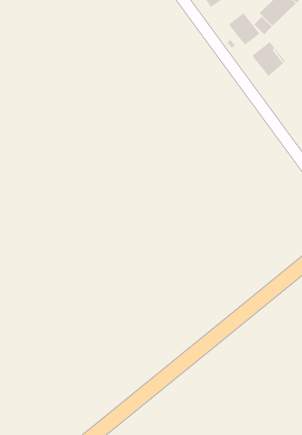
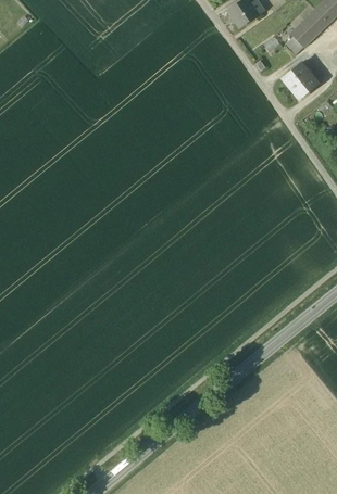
building: [228,12,260,46] -> none

